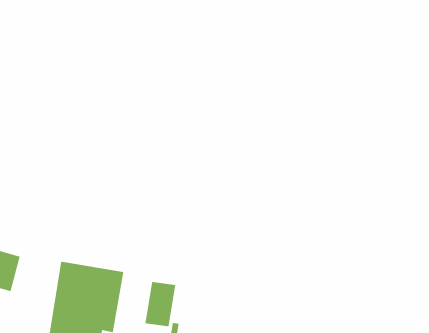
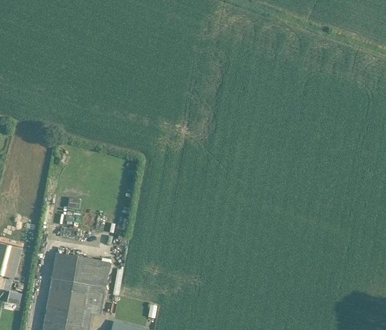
building: [145,281,176,327] -> none

